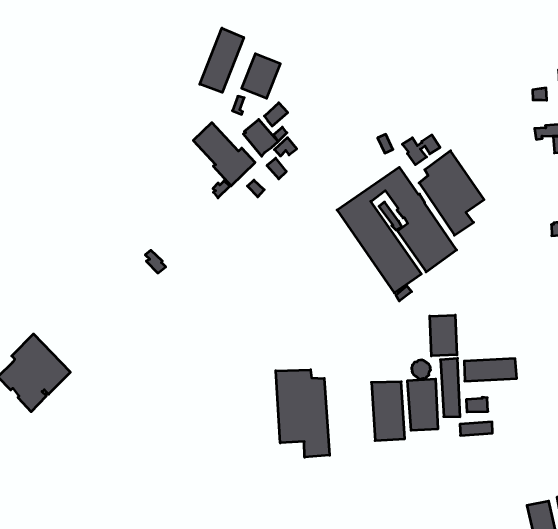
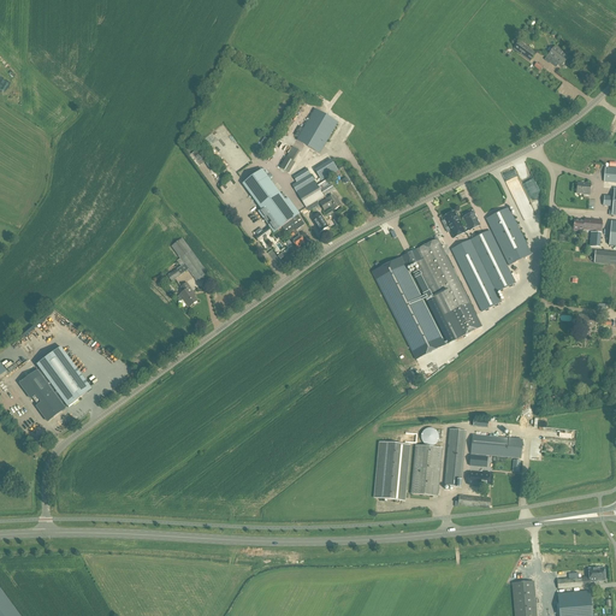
building: [200,28,244,92] -> none
building: none -> [485,206,531,263]
building: none -> [166,237,207,280]
building: [430,315,457,356] -> none
building: [276,370,330,457] -> none

